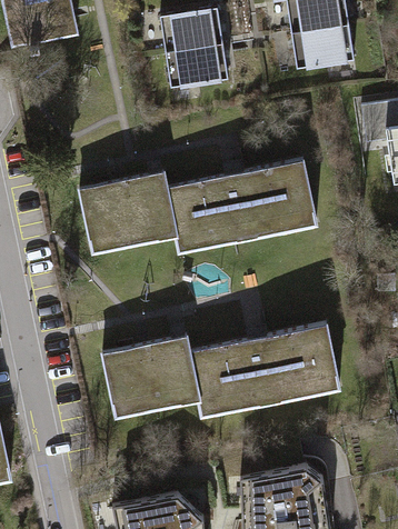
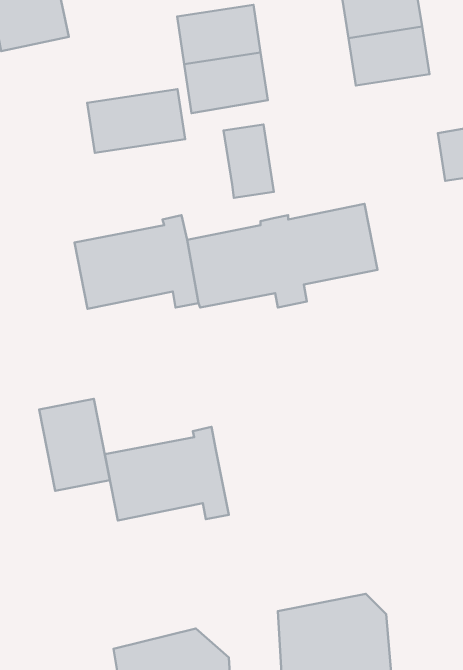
building: none -> [87,89,185,153]
building: none -> [224,125,274,198]
building: none -> [39,399,110,491]
building: [188,326,336,406] -> none

